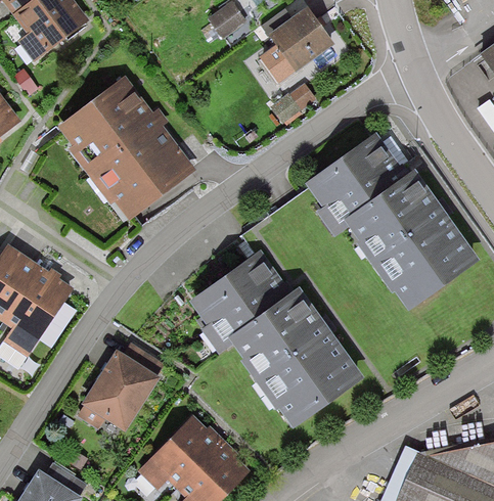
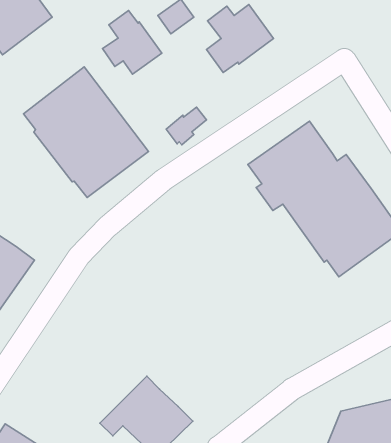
building: none -> [102,10,162,74]
building: [270,82,315,124] -> [166,107,207,145]
building: [189,252,363,426] -> none
building: [76,349,161,440] -> none

